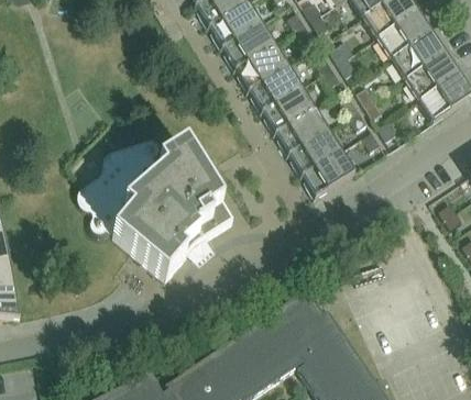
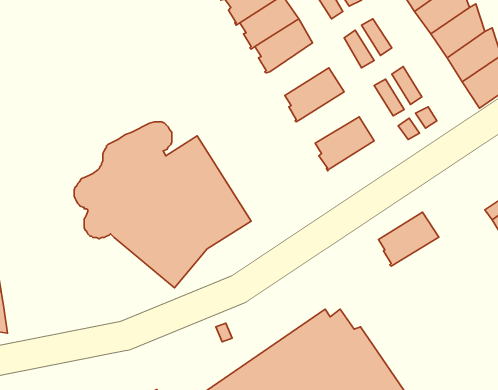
building: [250,65,302,113] -> none
building: [276,108,328,155] -> none
building: [303,151,355,198] -> [379,212,439,266]

